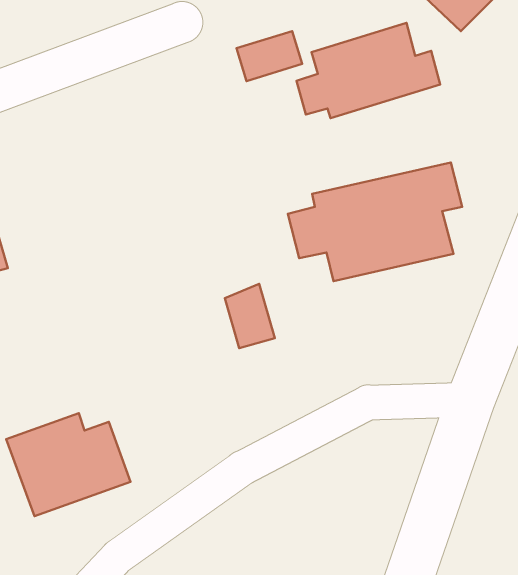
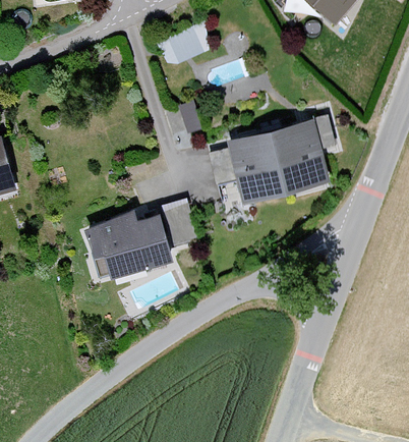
building: [296,23,440,118] -> none
building: [6,413,130,516] -> [83,207,172,280]

